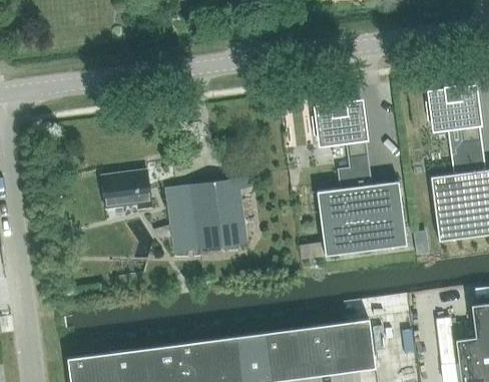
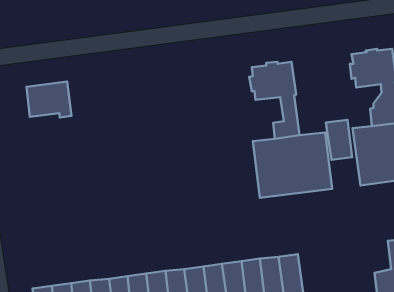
building: none -> [326,120,352,160]
building: [100,169,151,211] -> [26,81,71,118]
building: [152,177,251,253] -> none

